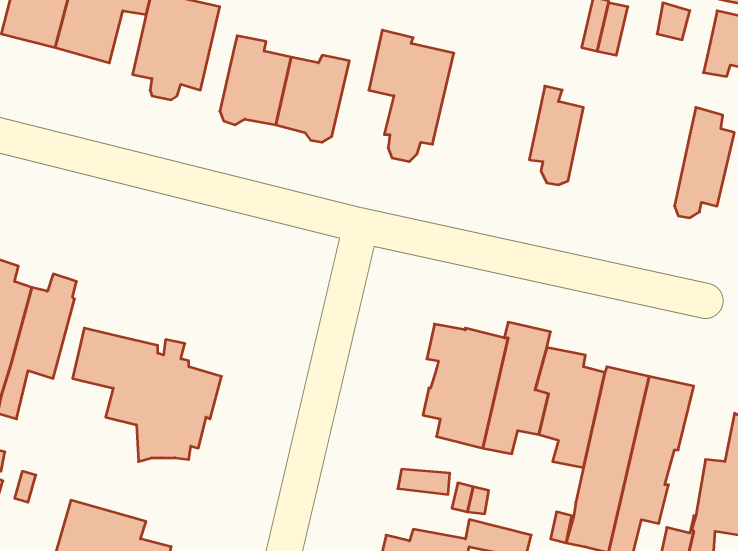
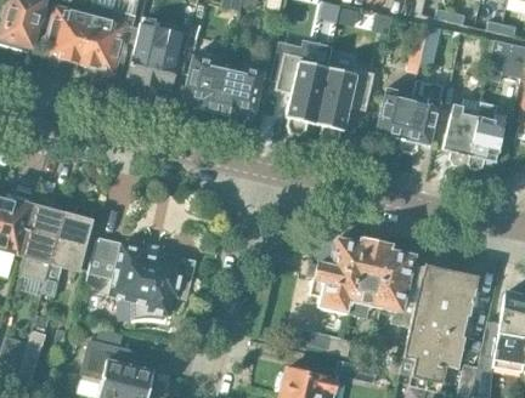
building: none -> [316,66,376,142]
building: none -> [401,97,439,152]
building: none -> [444,102,478,165]

